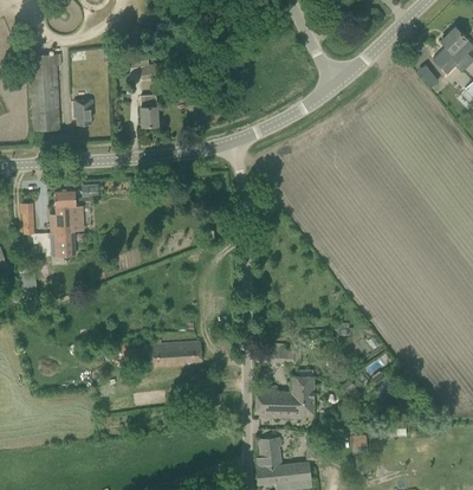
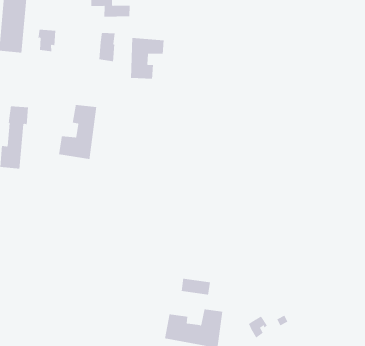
building: none -> [130,37,164,80]
building: none -> [58,104,97,160]
building: [148,341,201,367] -> none

